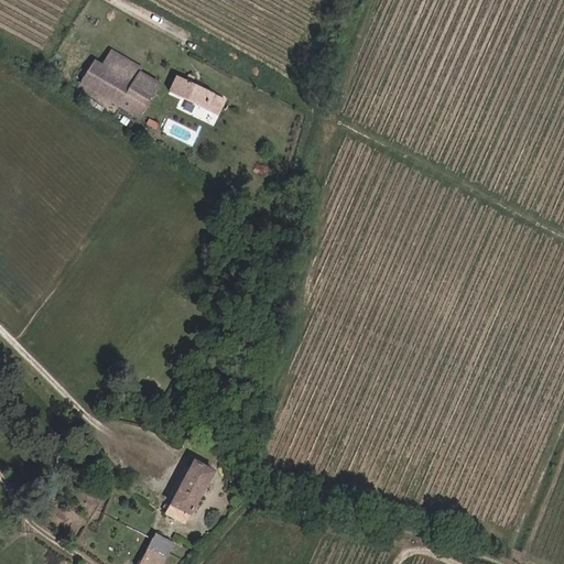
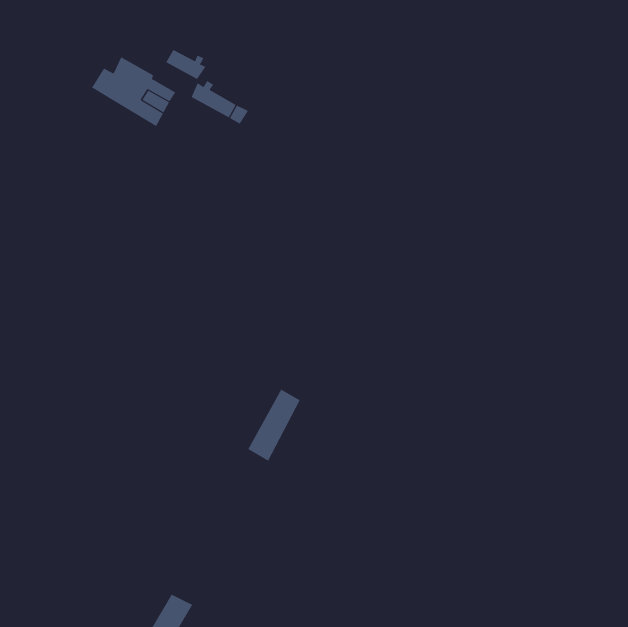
building: none -> [166,49,206,80]
building: [164,459,212,524] -> [248,389,300,462]

